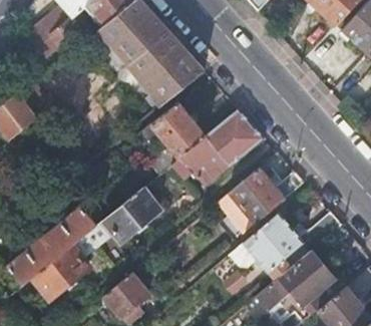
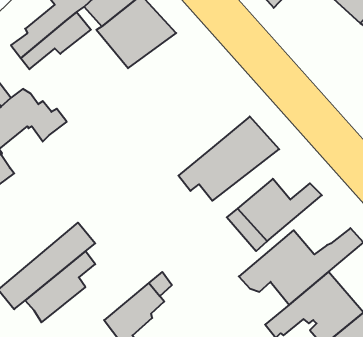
building: [126,33,205,106] -> none
building: [140,101,206,175] -> none
building: [87,187,158,245] -> none

